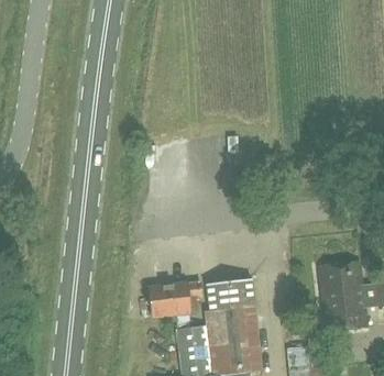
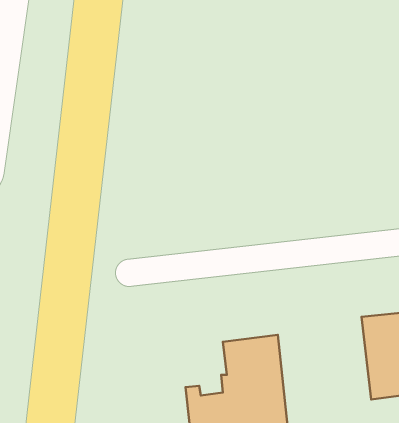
building: [150,281,202,322] -> none

